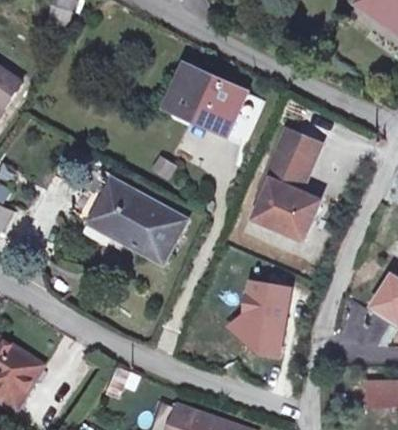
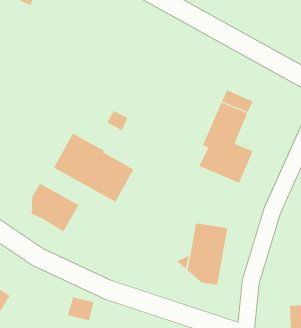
building: [169,66,261,141] -> none
building: none -> [31,183,79,232]

